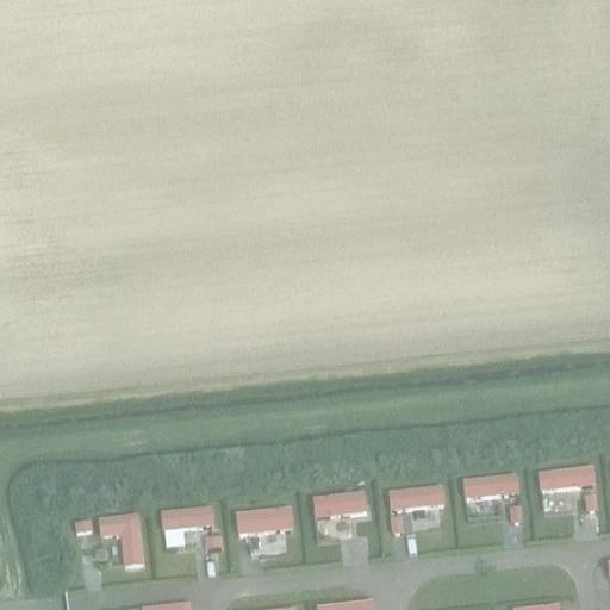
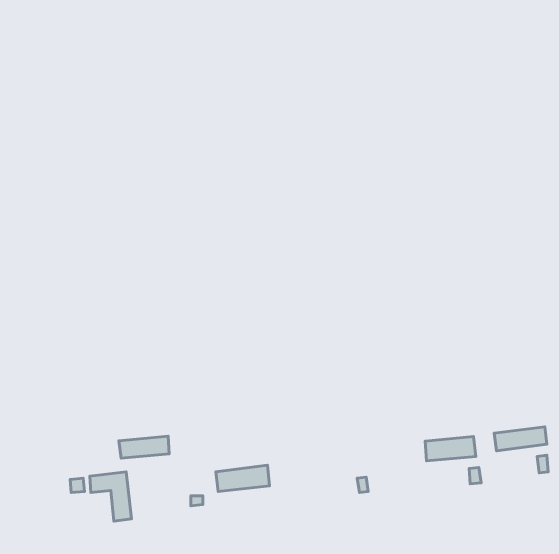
building: [387,485,444,511] -> none
building: [313,490,367,516] -> none
building: [161,508,216,531] -> [119,436,169,458]

